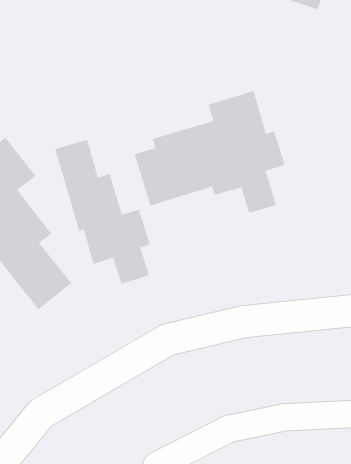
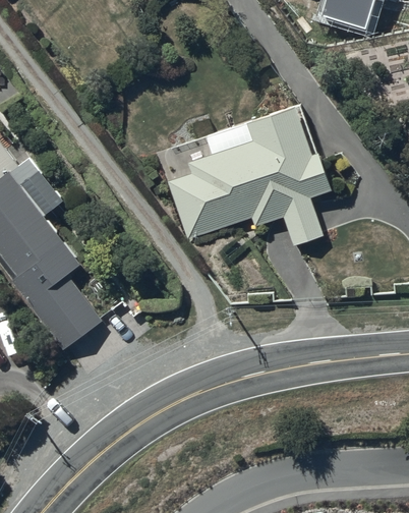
building: [54,139,150,285] -> none

